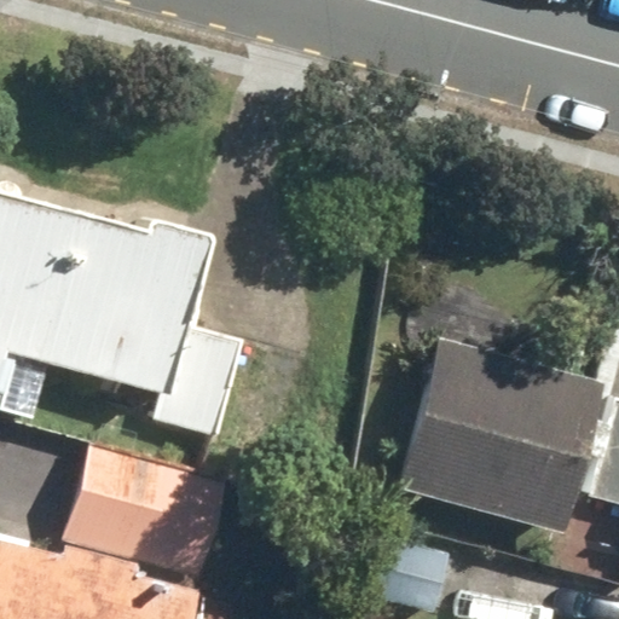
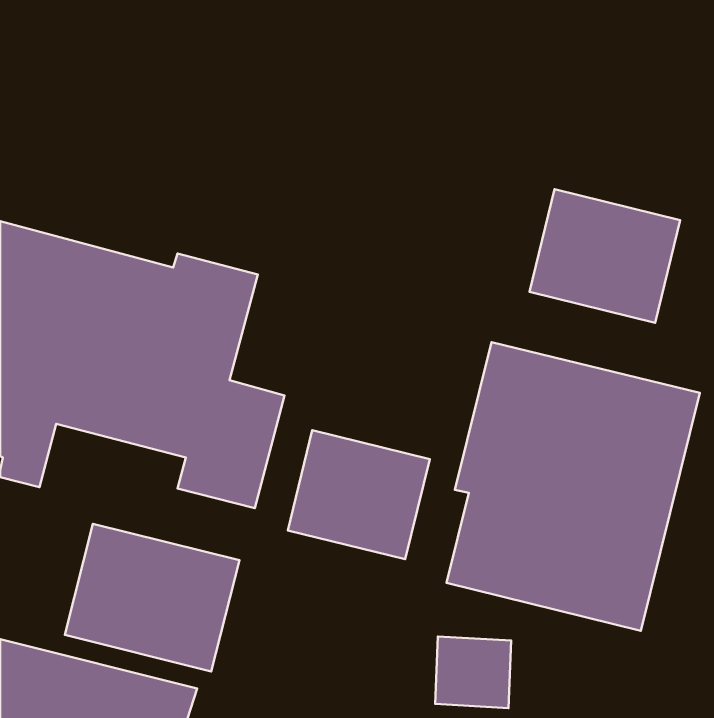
building: none -> [530,189,680,323]
building: none -> [288,430,430,559]

